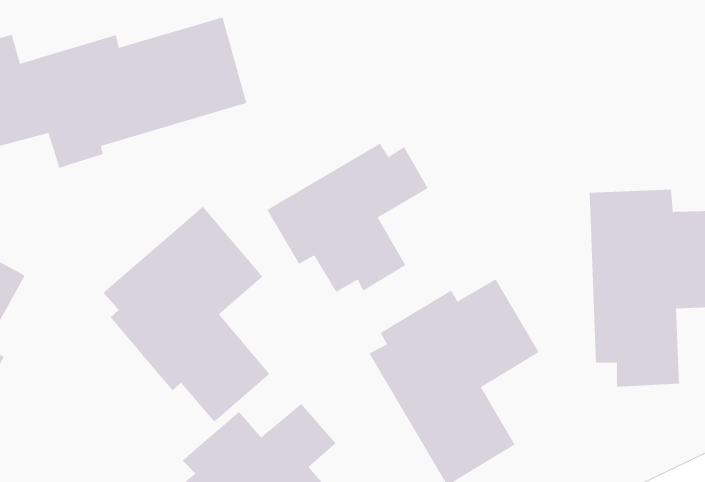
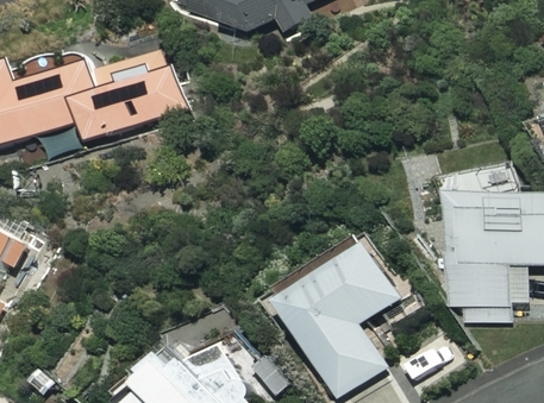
building: [267,143,428,293] -> none
building: [102,206,270,422] -> none

